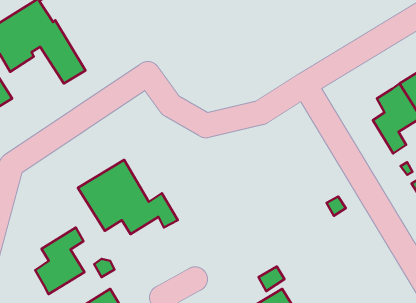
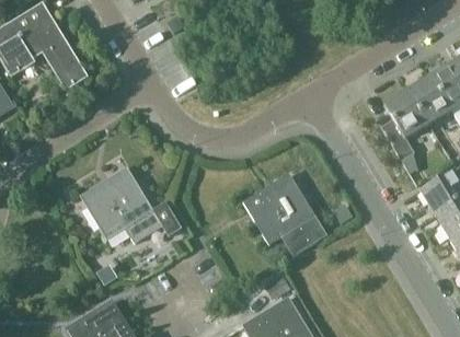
building: none -> [243,172,326,255]
building: [35,228,85,294] -> none

